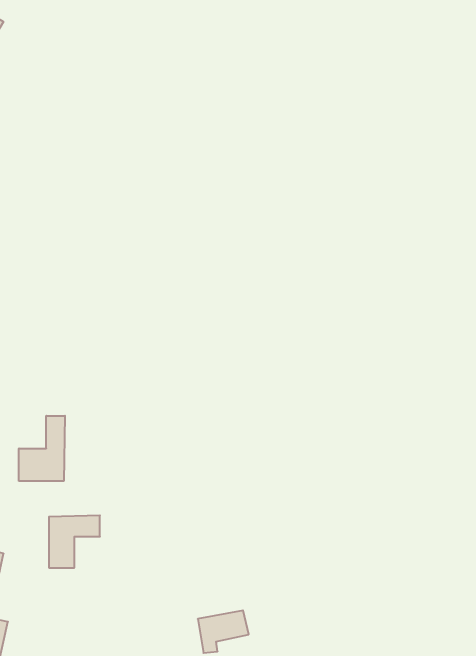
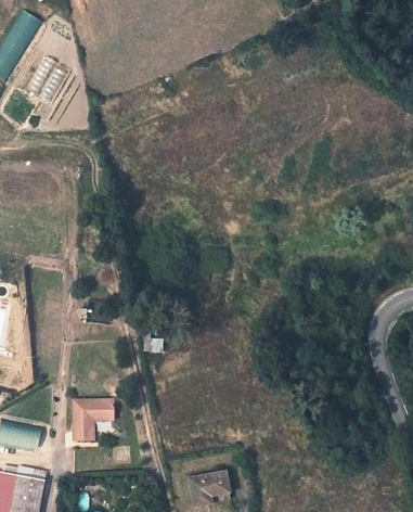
building: [19,416,65,481] -> none

